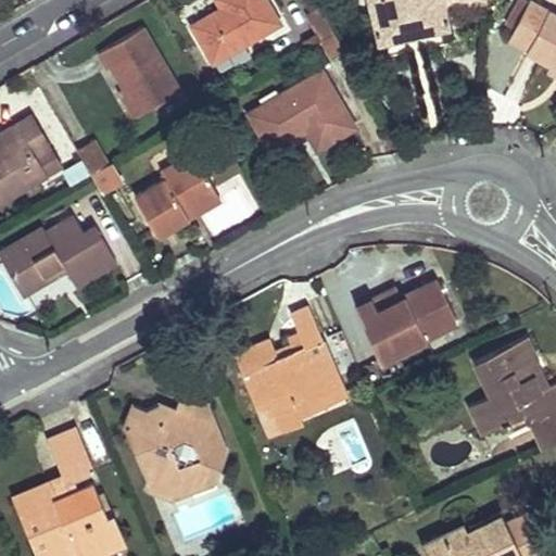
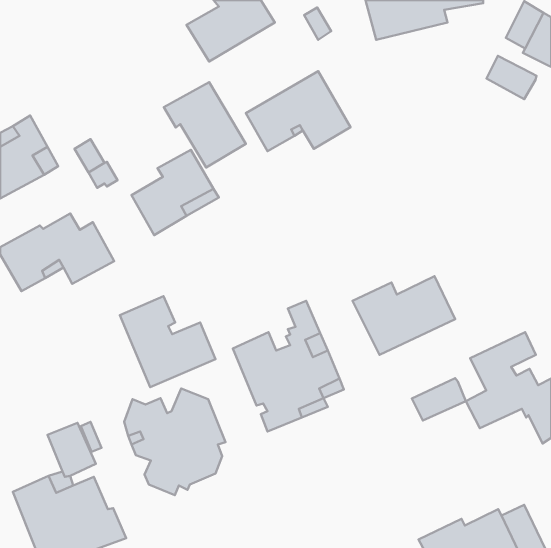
building: [97,31,179,117] -> [164,82,246,167]
building: none -> [487,56,536,99]
building: none -> [120,296,215,387]
building: none -> [412,378,466,420]

